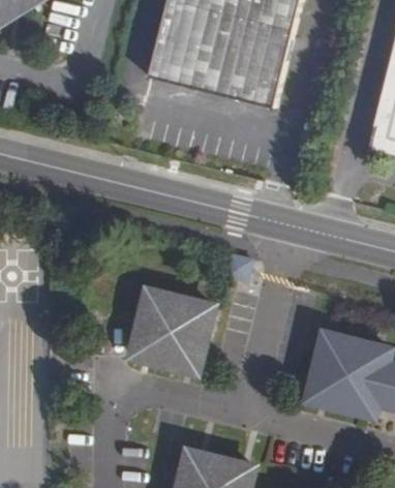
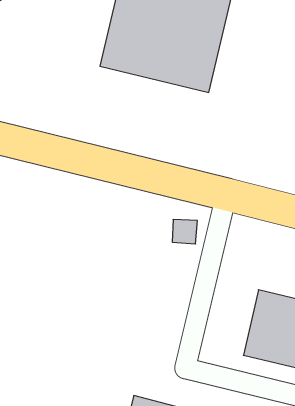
building: [126,287,218,375] -> none

